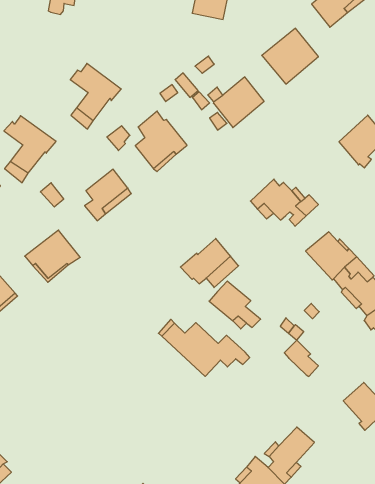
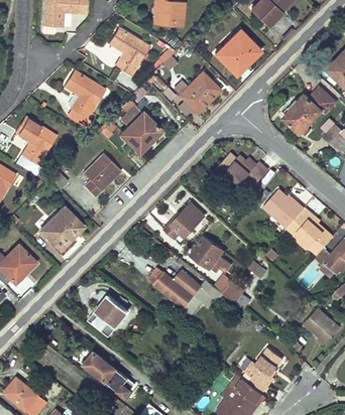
building: none -> [108,29,149,75]
building: [284,340,318,376] -> [222,280,250,308]
building: none -> [89,295,128,335]
building: none -> [84,351,135,396]

